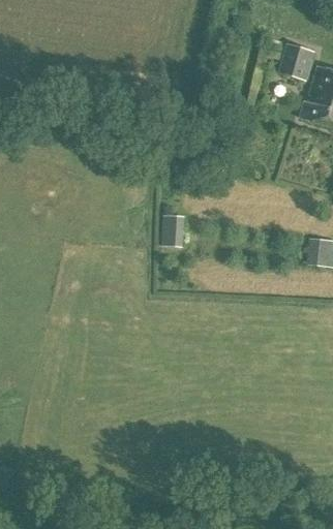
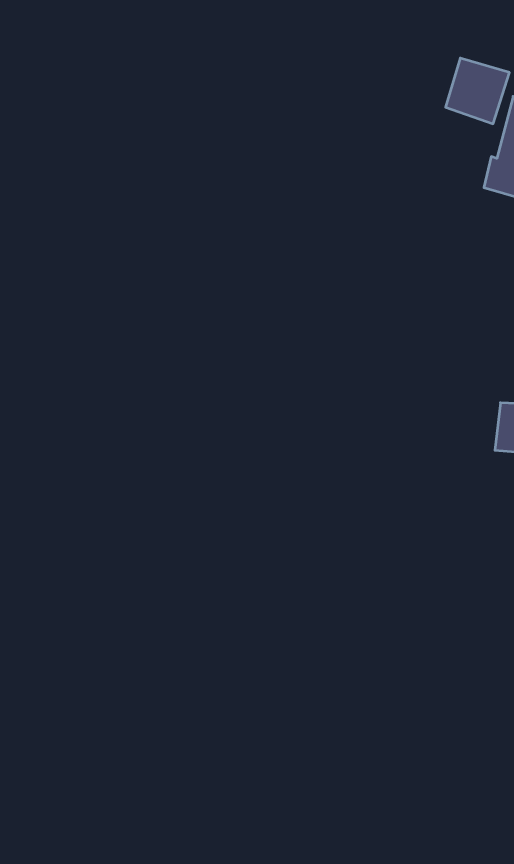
building: [162,215,185,247] -> none

